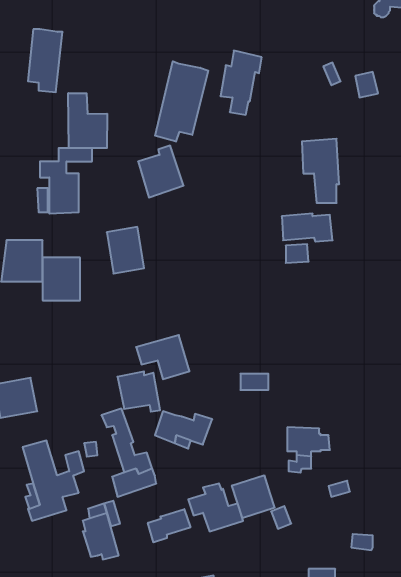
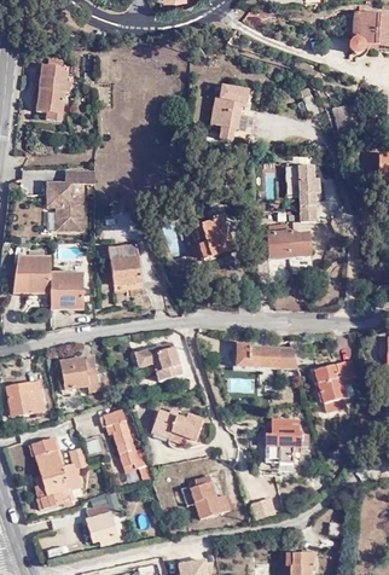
building: [155,61,208,142] -> none
building: [68,93,107,148] -> none
building: [138,146,184,198] -> [191,213,232,260]
building: none -> [236,342,298,368]
building: none -> [313,359,356,411]
building: [117,371,160,412] -> [59,355,98,391]
building: [232,475,275,518] -> none
building: [148,509,190,542] -> none

